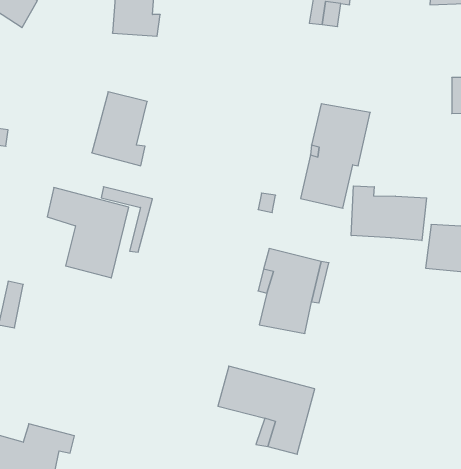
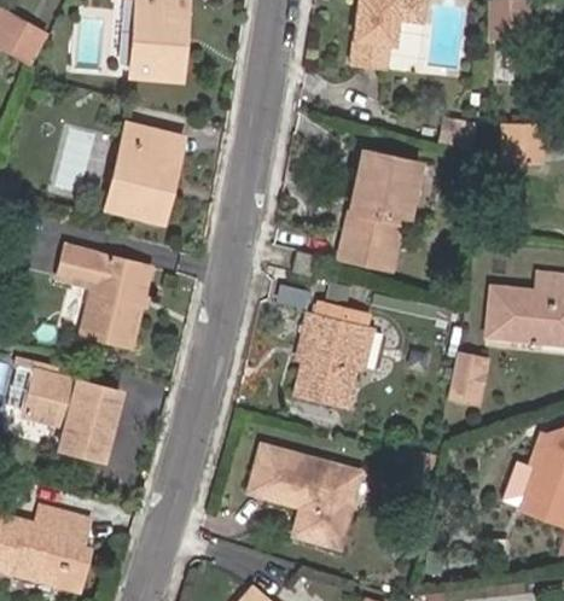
building: [351,186,427,241] -> none
building: [101,187,152,252] -> [129,127,186,199]
building: none -> [448,357,484,407]
building: none -> [27,372,120,459]

